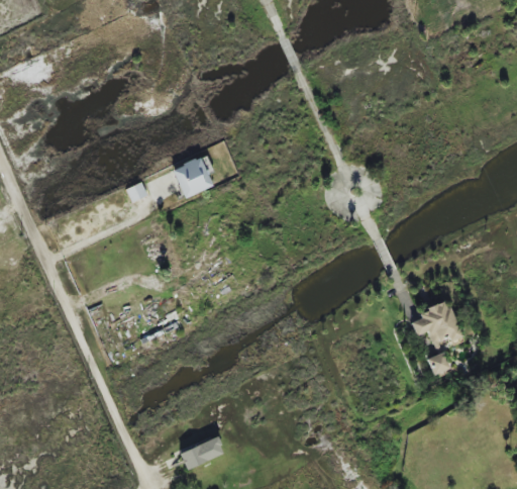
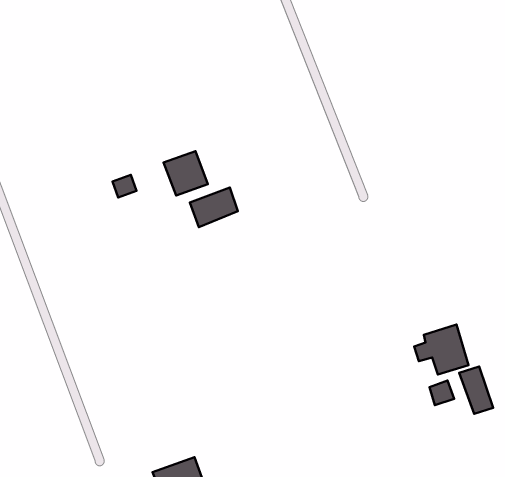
building: none -> [190,188,238,227]
building: none -> [459,366,493,414]

